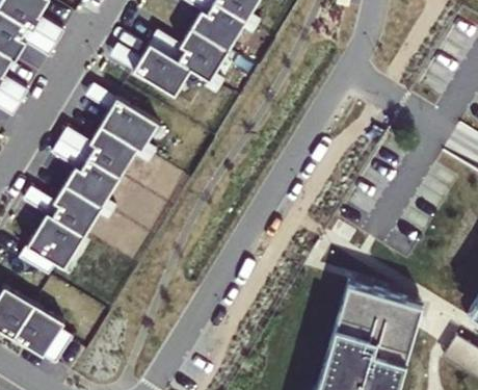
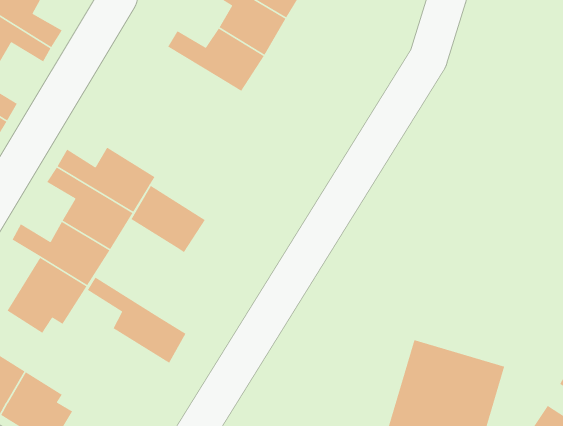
building: [133,43,190,94] -> none
building: [100,96,161,151] -> [130,185,206,253]
building: none -> [87,277,186,364]

